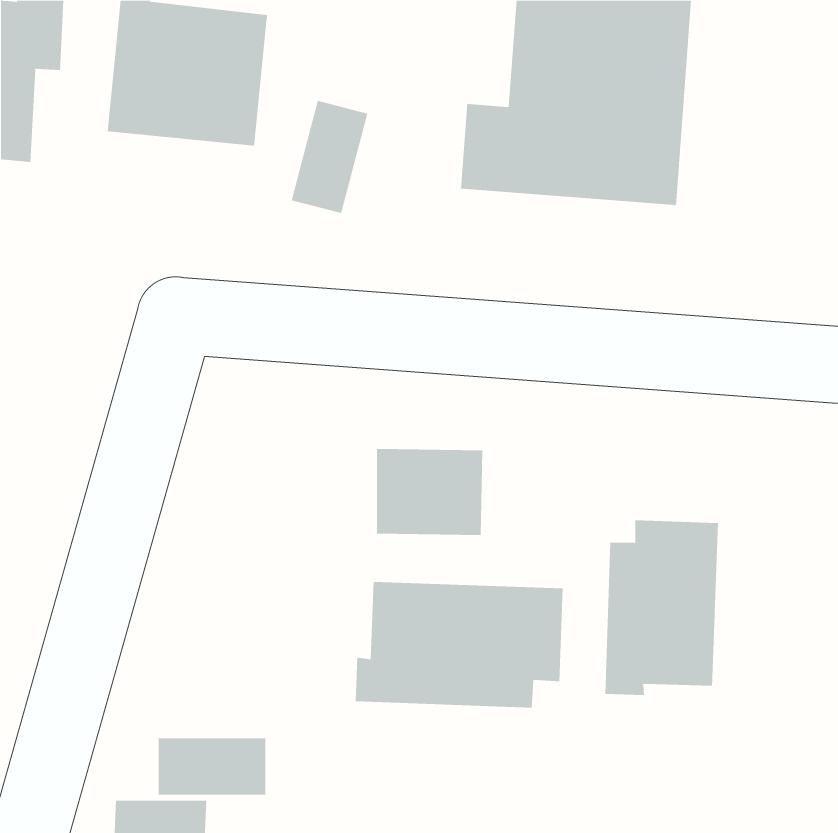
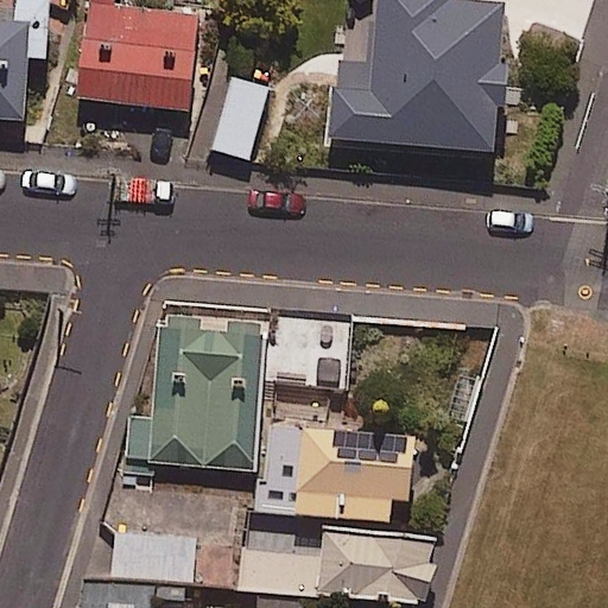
building: none -> [125,314,261,479]
building: [605,520,718,696] -> none
building: none -> [240,521,429,597]

